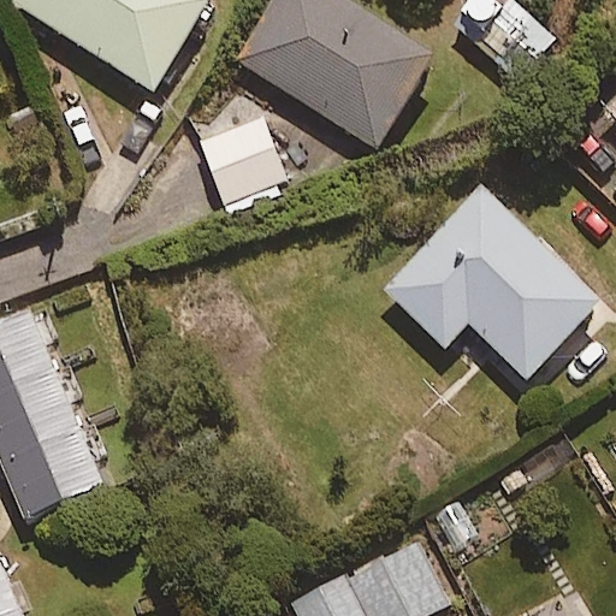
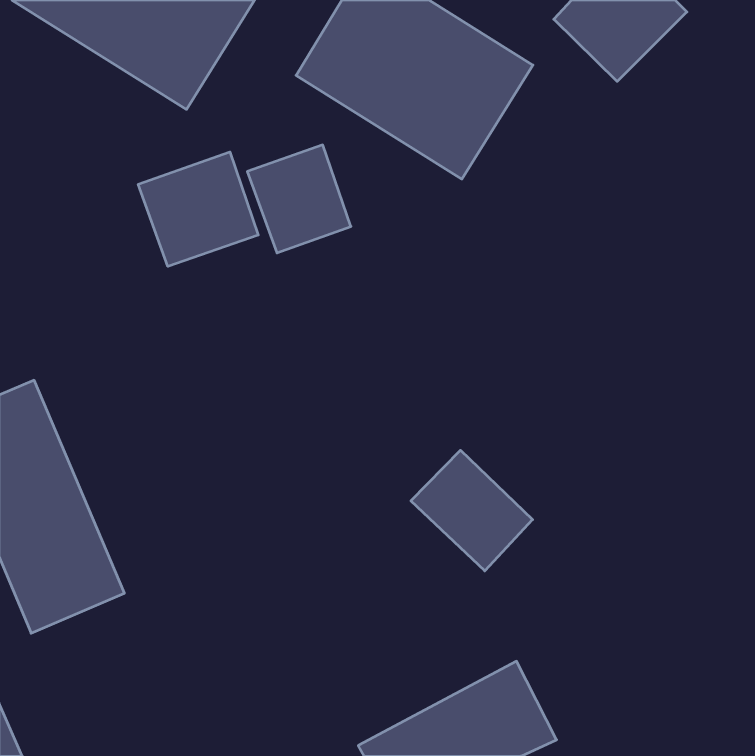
building: none -> [138,152,258,266]
building: [385,189,599,378] -> none
building: none -> [411,450,533,571]

